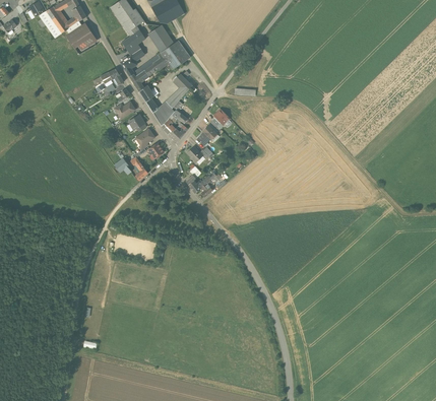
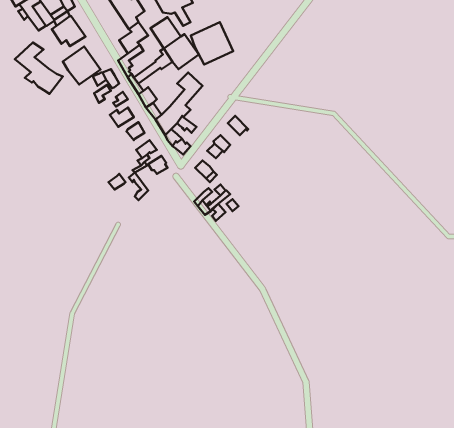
building: none -> [191,22,233,65]
building: none -> [15,43,63,94]
building: none -> [63,46,101,85]

